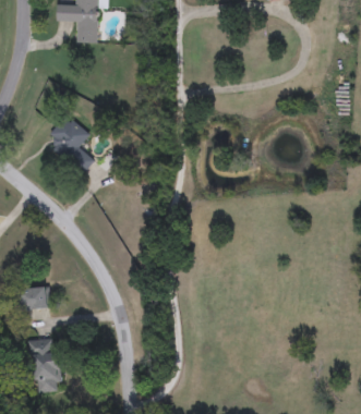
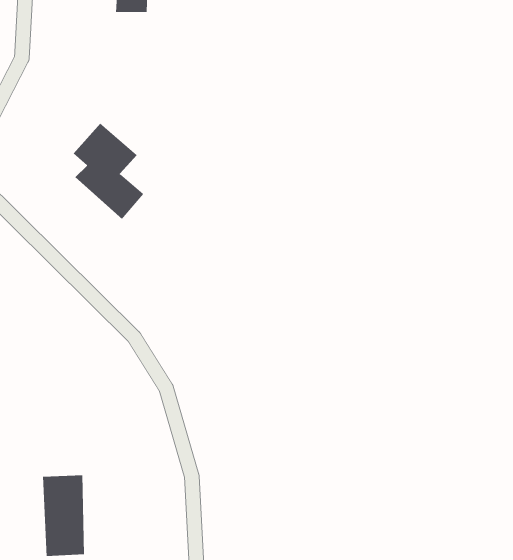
building: [21,287,50,309] -> none

